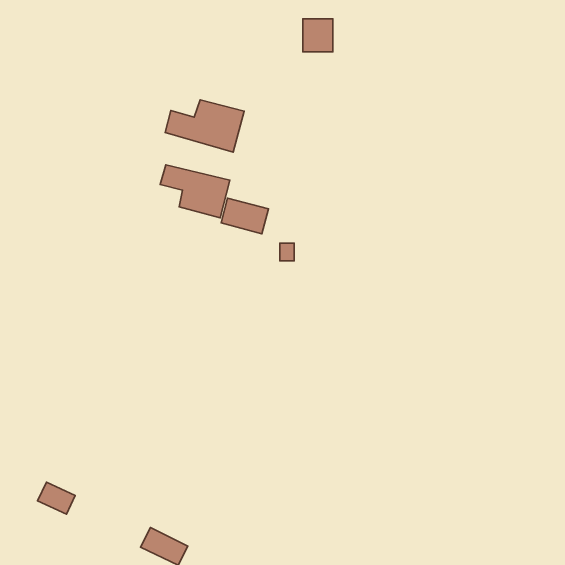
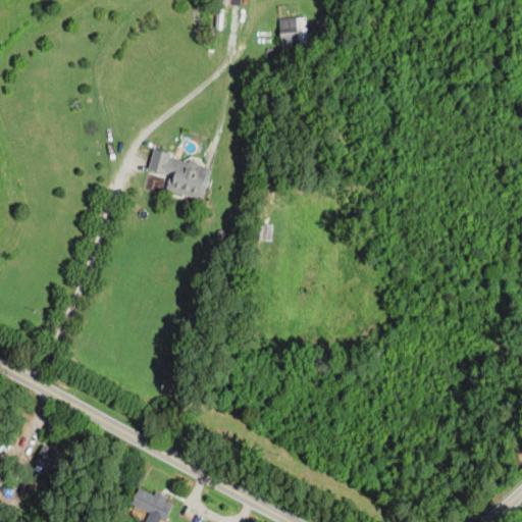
building: [165,100,244,152] -> none
building: [221,198,269,234] -> none

